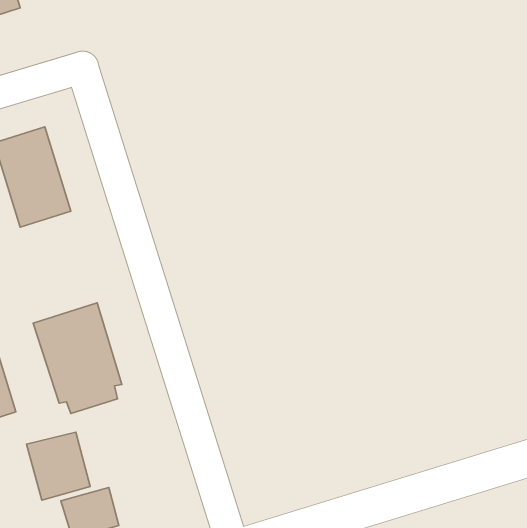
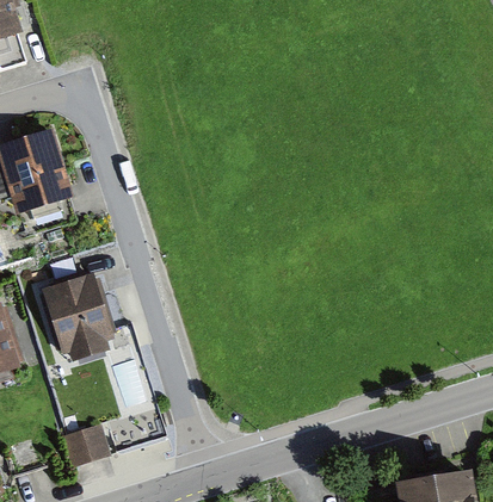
building: [26,432,90,500] -> none

